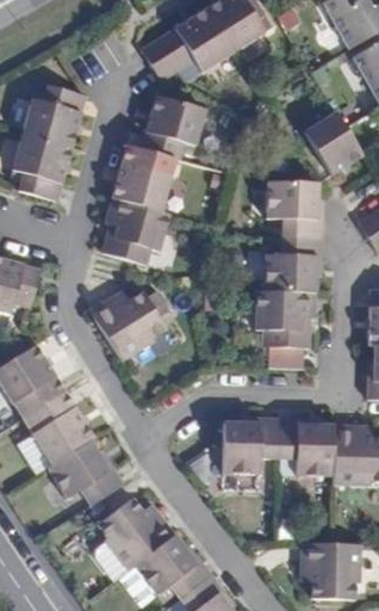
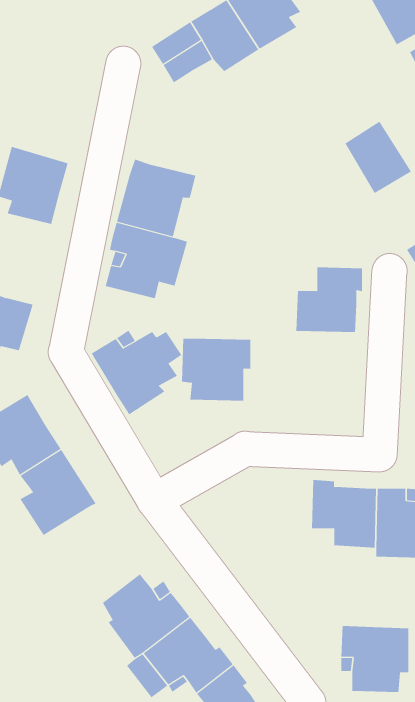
building: [21,88,85,148] -> none
building: [141,95,205,159] -> none
building: [265,181,322,237] -> none
building: [255,291,315,345] -> [181,338,251,401]
building: [220,418,278,473] -> none
building: [45,440,123,506] -> none

